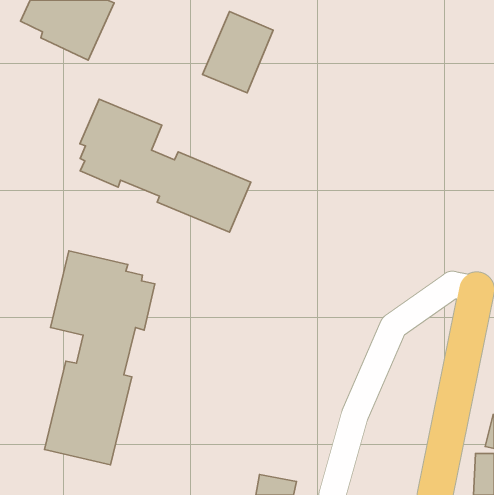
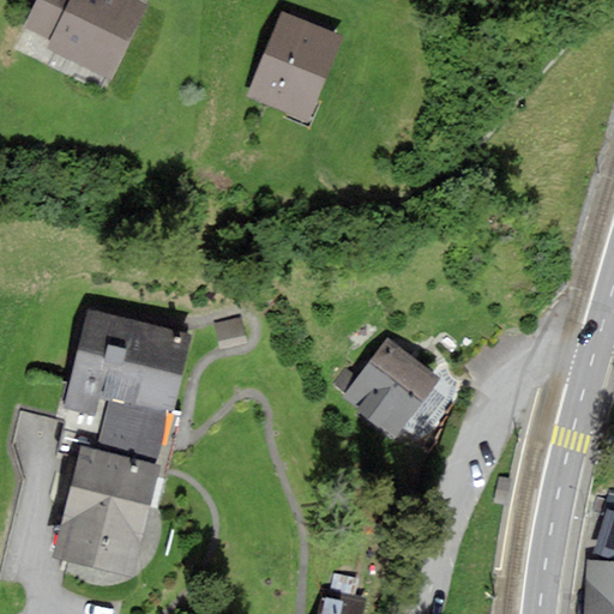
building: [80,99,251,232] -> none
building: none -> [343,338,439,435]

